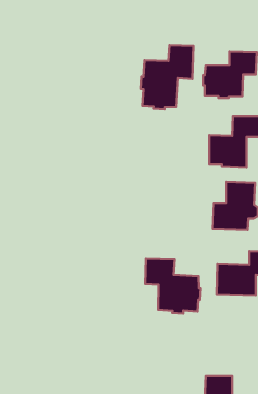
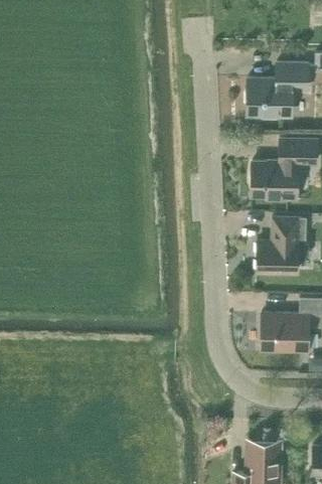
building: [141,45,194,109] -> none
building: [145,258,201,313] -> none

